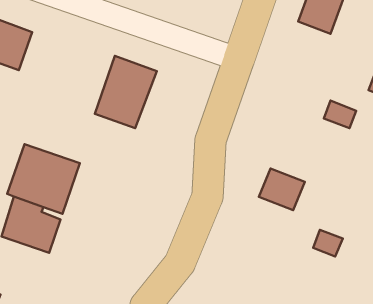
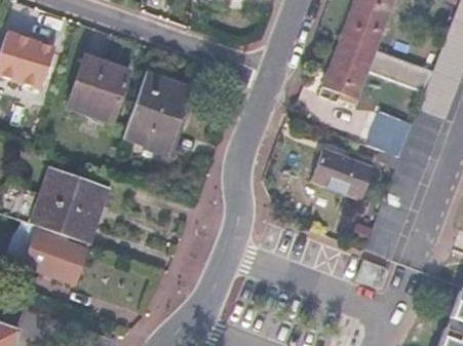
building: none -> [323,35,377,100]
building: none -> [67,55,129,122]
building: [259,168,305,210] -> [311,149,360,194]

